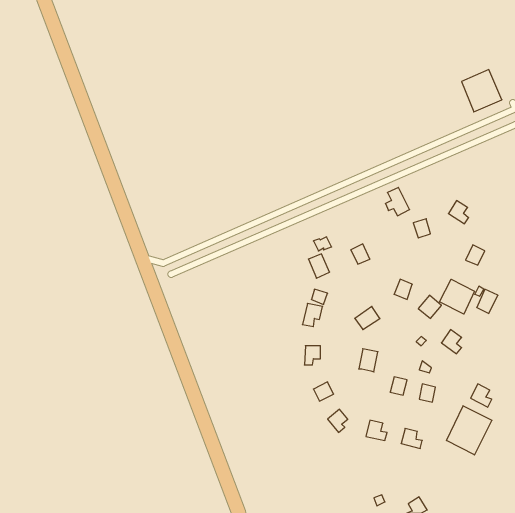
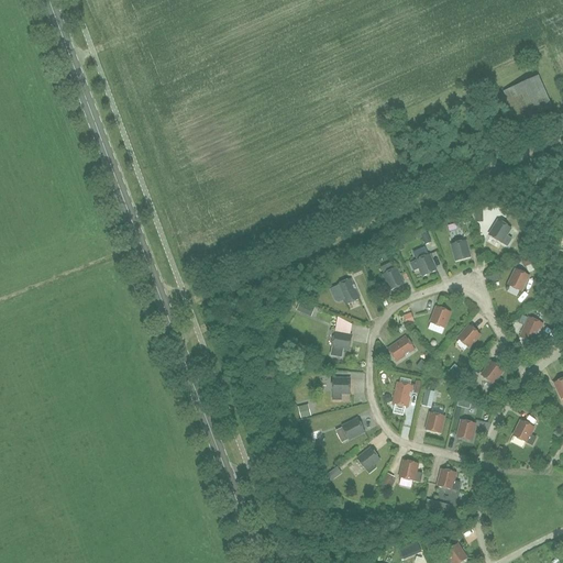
building: [385,187,410,216] -> [410,244,437,275]
building: [440,279,475,314] -> none
building: [447,406,492,455] -> none

